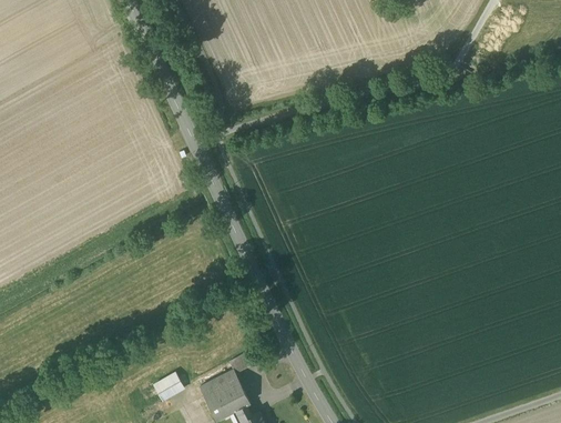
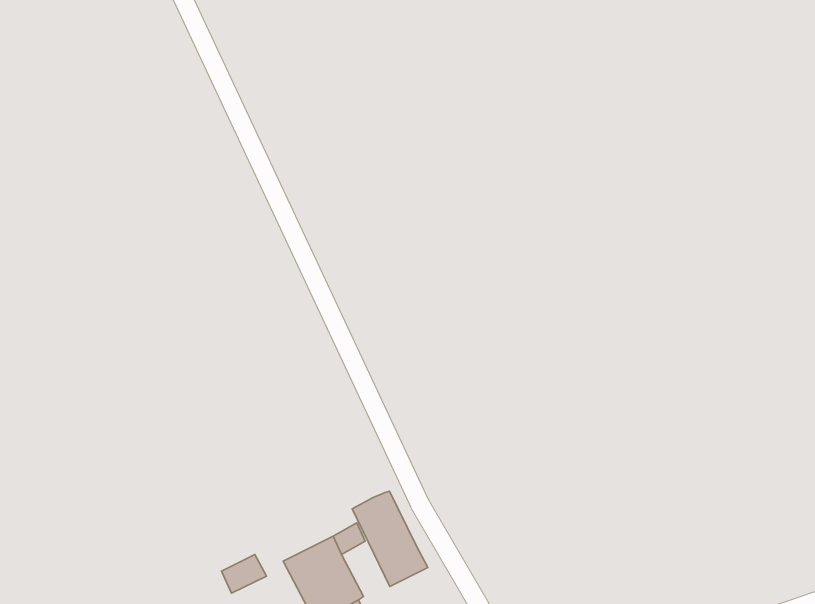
building: none -> [352,491,428,586]

